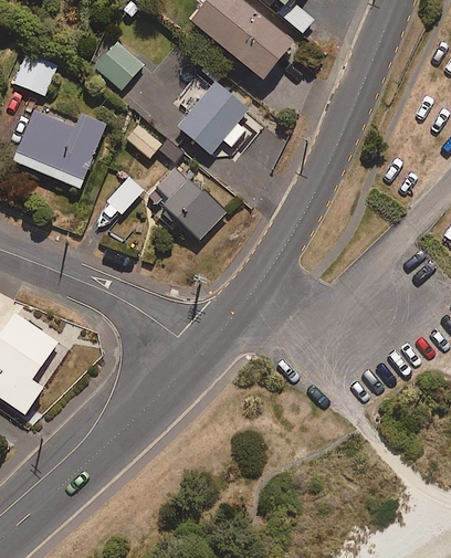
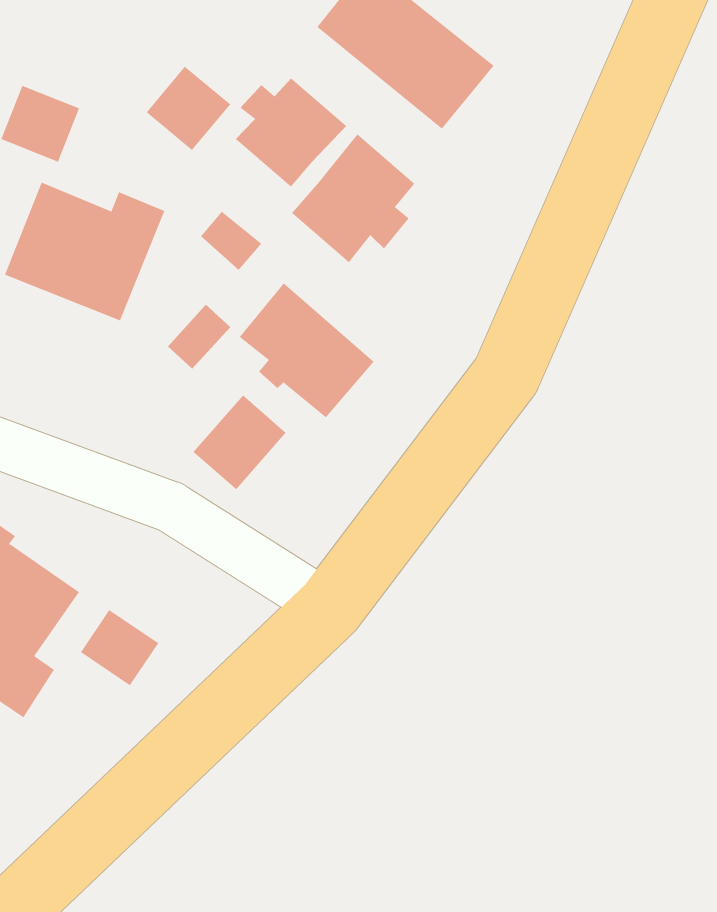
building: none -> [235,77,347,188]
building: none -> [193,395,287,490]
building: none -> [80,609,159,686]

